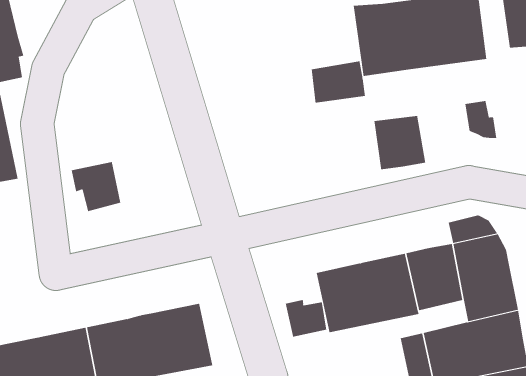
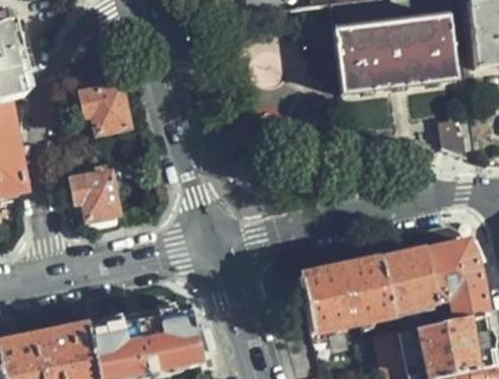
building: [311,61,365,103] -> none
building: none -> [81,81,128,130]
building: [374,115,426,170] -> none
building: [285,299,327,338] -> none

